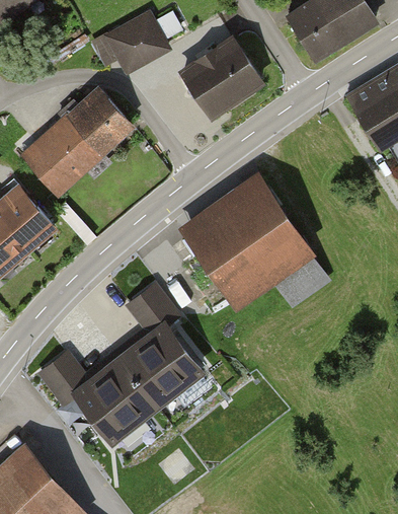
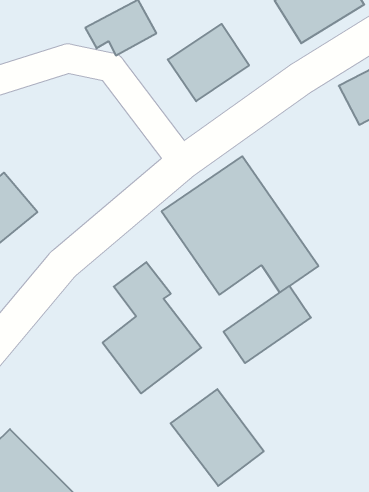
building: [26,88,133,194] -> none
building: none -> [224,286,311,363]
building: [37,348,154,445] -> none
building: none -> [171,389,264,486]

